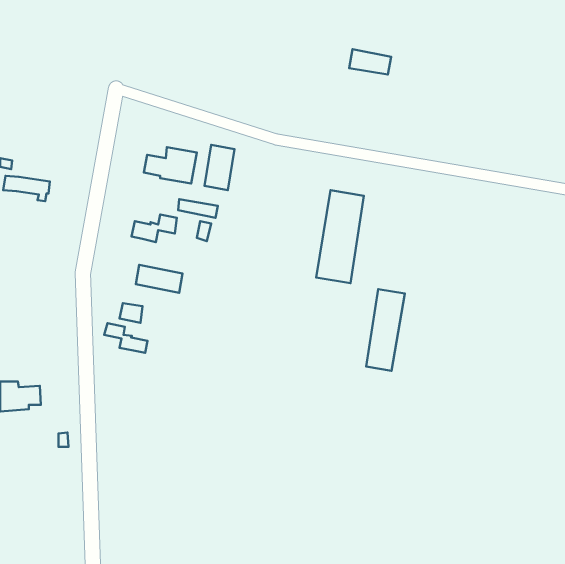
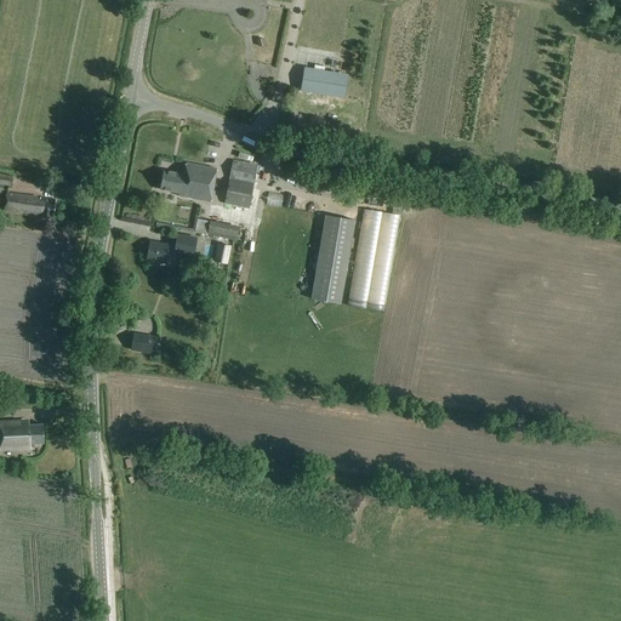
building: [349,49,391,75] -> [303,64,349,92]
building: [136,265,182,293] -> none
building: [366,289,405,371] -> [310,213,353,303]
building: [104,323,148,353] -> none

